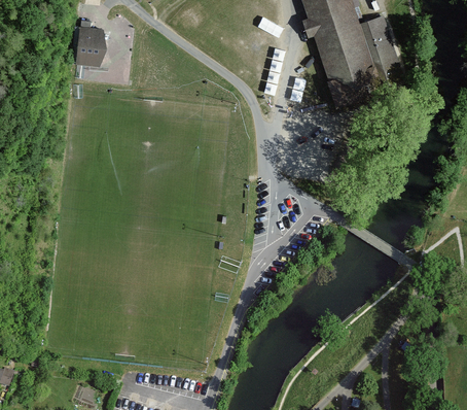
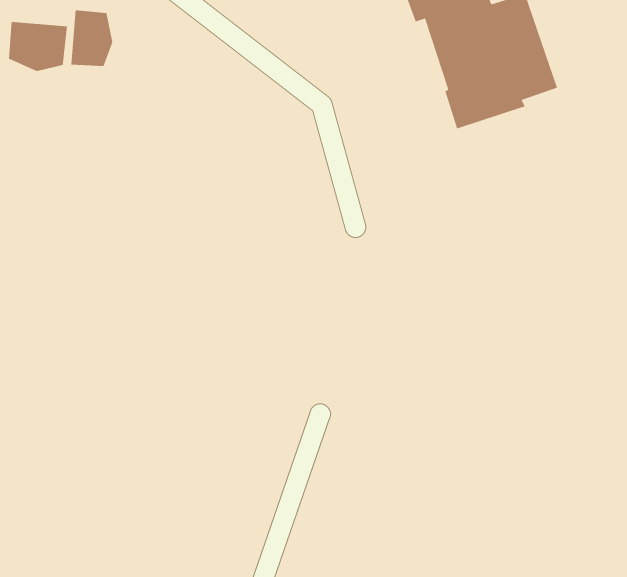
building: none -> [8,21,68,72]

